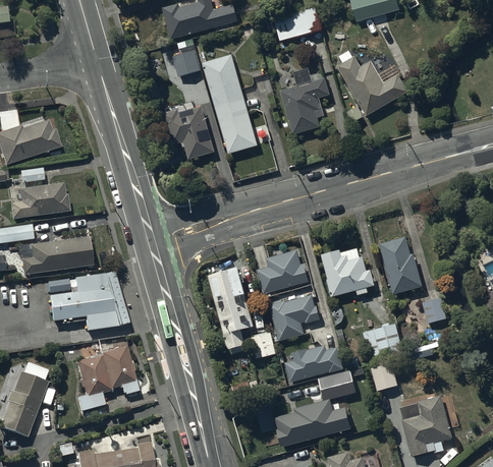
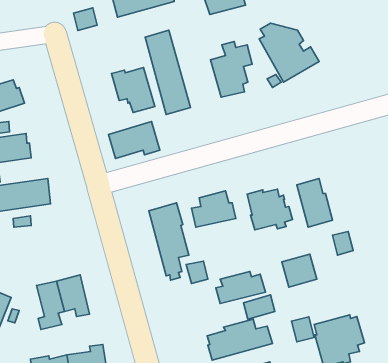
building: [173,56,201,82] -> [74,8,97,30]
building: none -> [109,122,160,159]
building: [48,273,119,331] -> none
building: [271,294,321,340] -> none
building: [372,360,398,390] -> [292,317,314,342]

